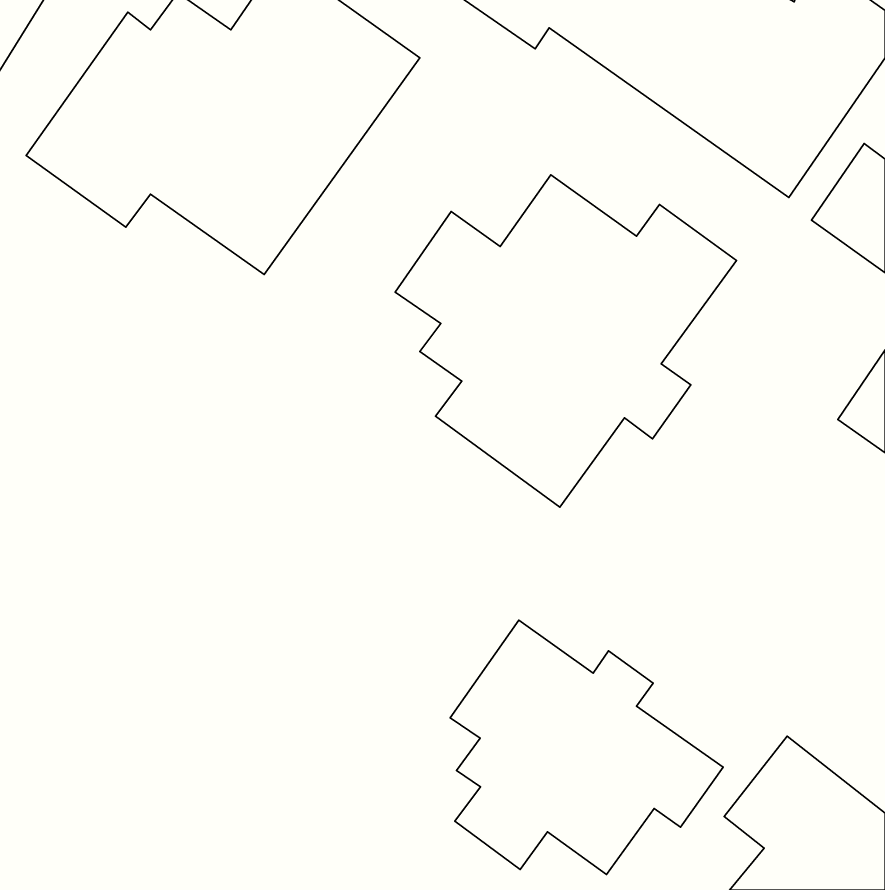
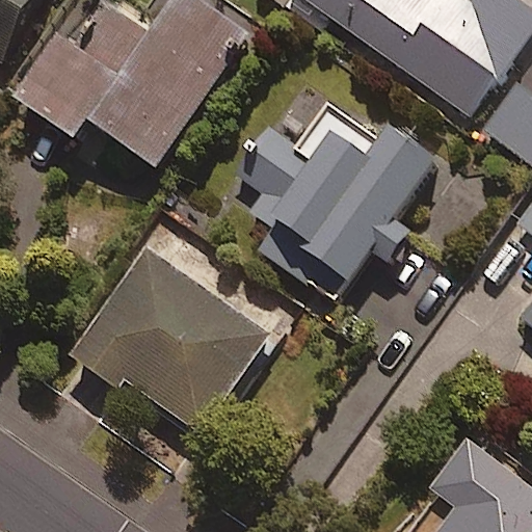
building: none -> [72,246,270,432]
building: [450,620,723,875] -> none

